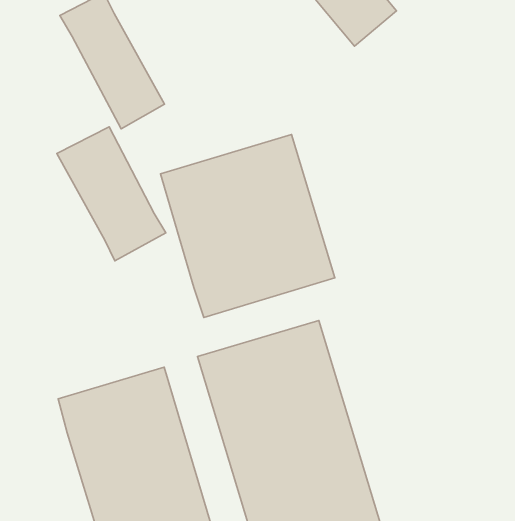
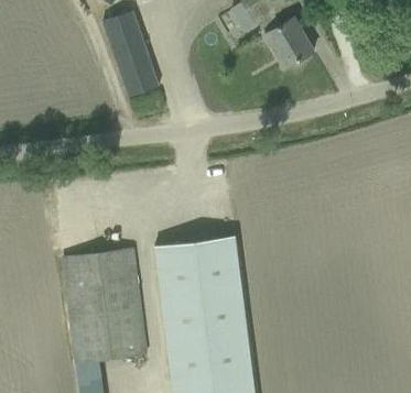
building: [57,127,166,261] -> none
building: [160,134,335,317] -> none

